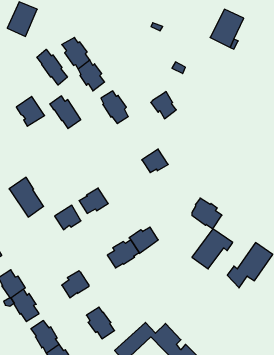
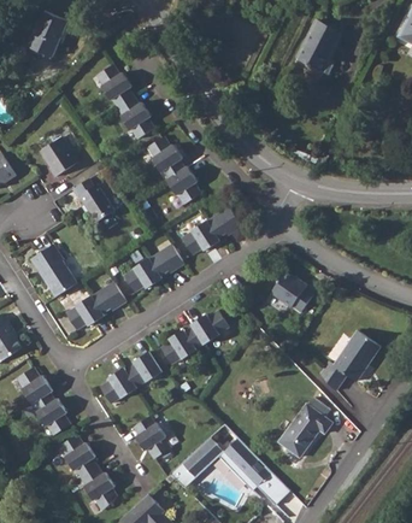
building: [37,49,67,85] -> none
building: [151,92,176,119] -> [171,160,205,196]
building: [50,96,81,129] -> [72,178,113,222]
building: none -> [181,221,219,254]
building: none -> [148,243,183,275]
building: none -> [65,295,104,329]
building: [192,229,233,269] -> [277,404,331,457]
building: none -> [125,351,161,387]

